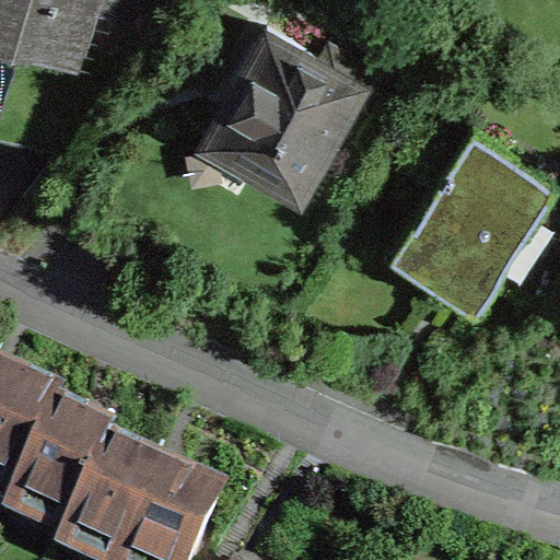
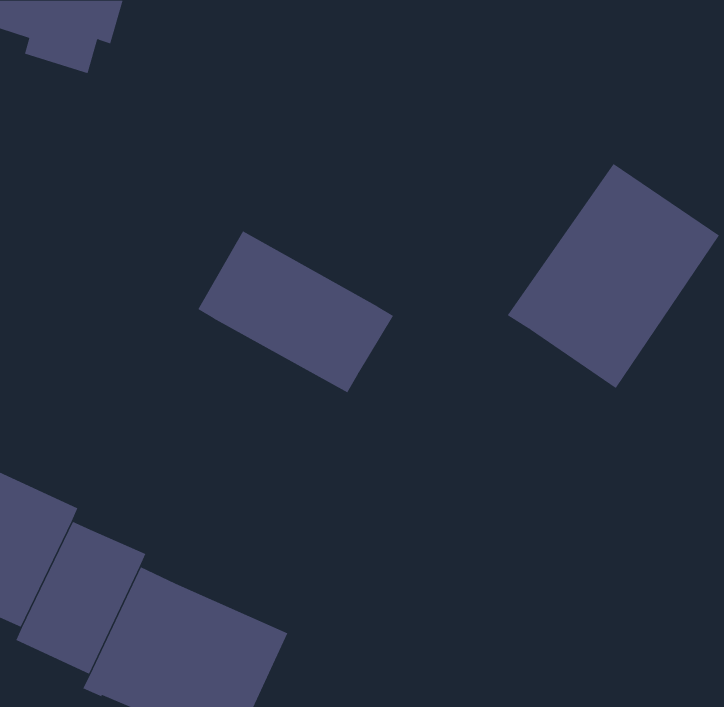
building: [210,37,383,203] -> none
building: none -> [198,231,394,393]

